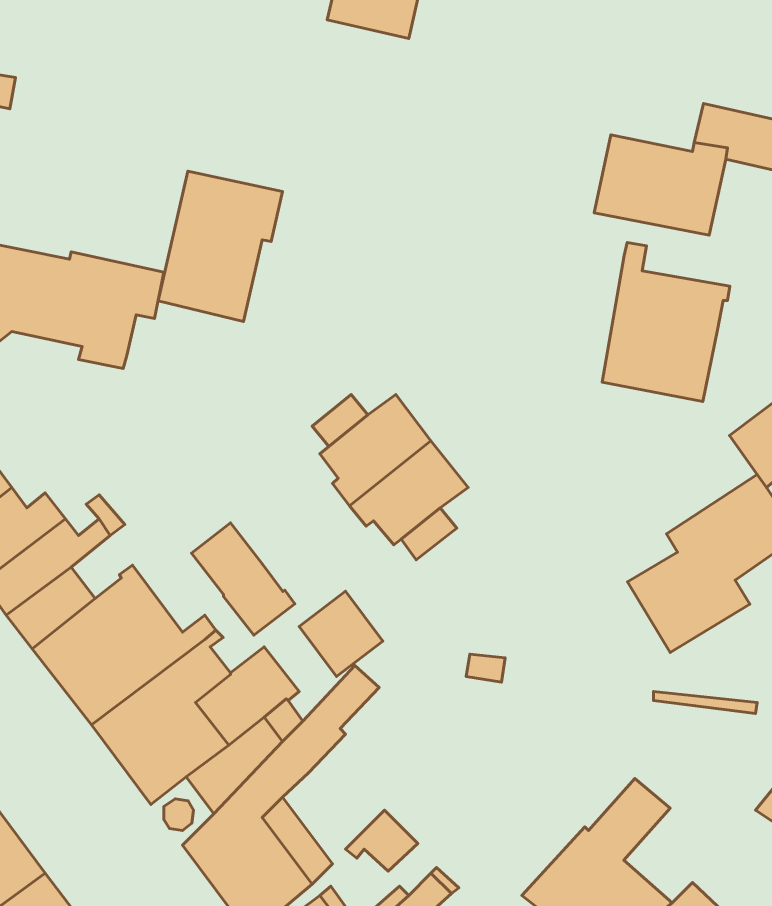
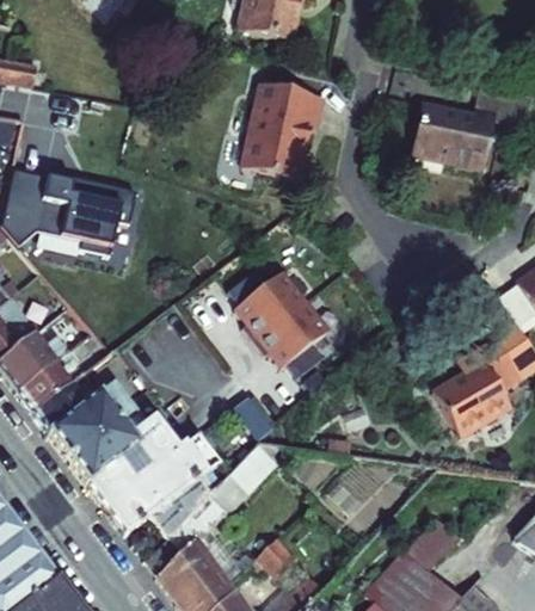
building: [158,171,282,321] -> [241,84,321,180]
building: [602,243,730,402] -> none
building: [191,523,295,635] -> none

